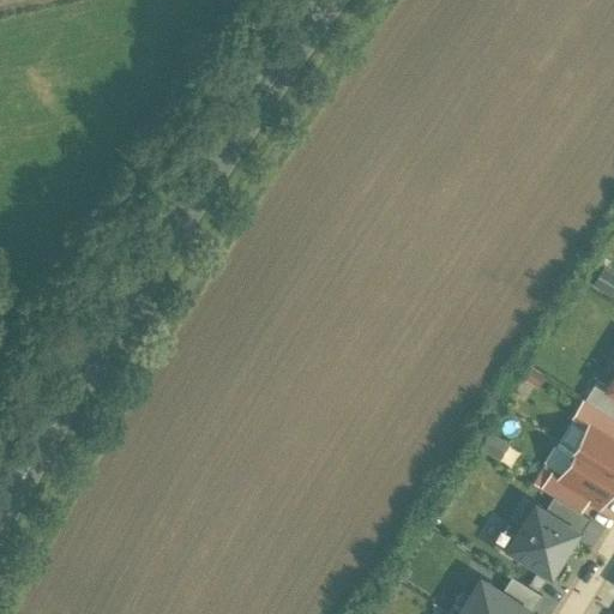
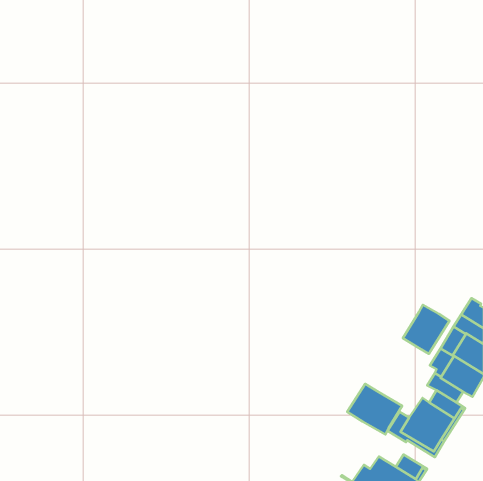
building: none -> [403,305,450,354]
building: none -> [347,384,402,435]

